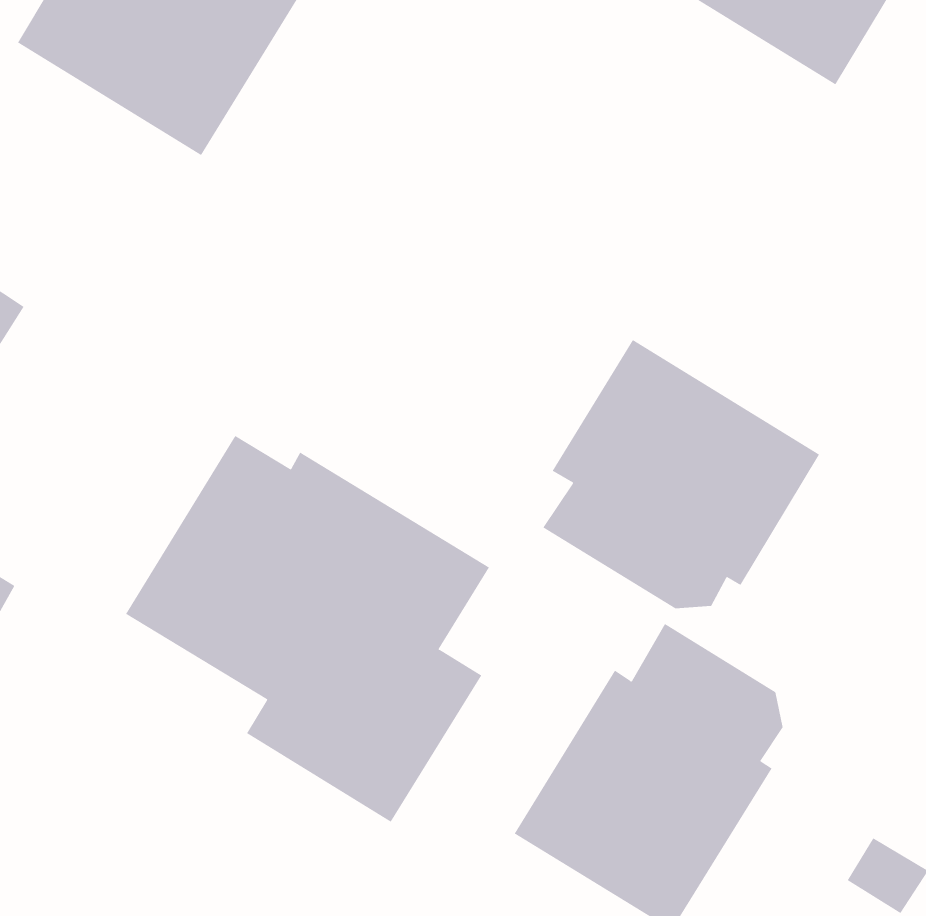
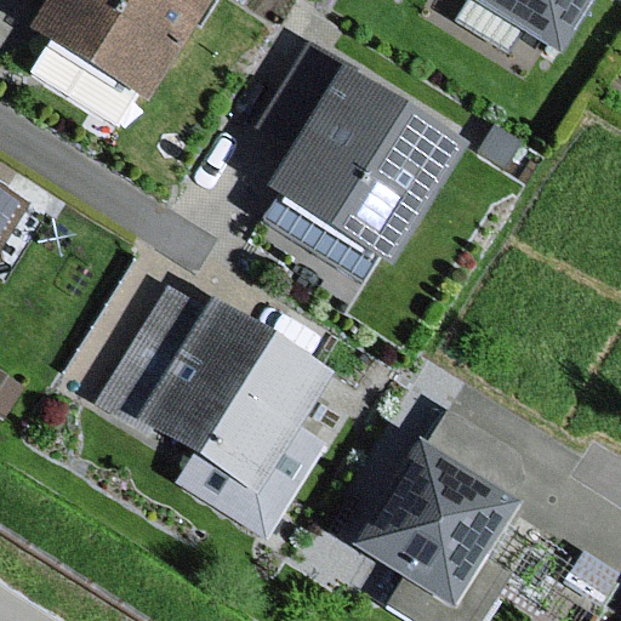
building: none -> [257,45,466,264]
building: [543,339,820,609] -> none

